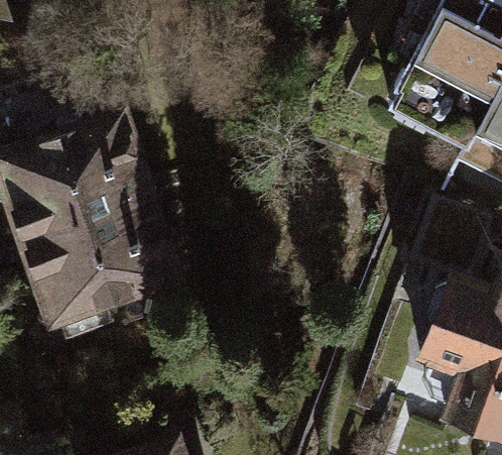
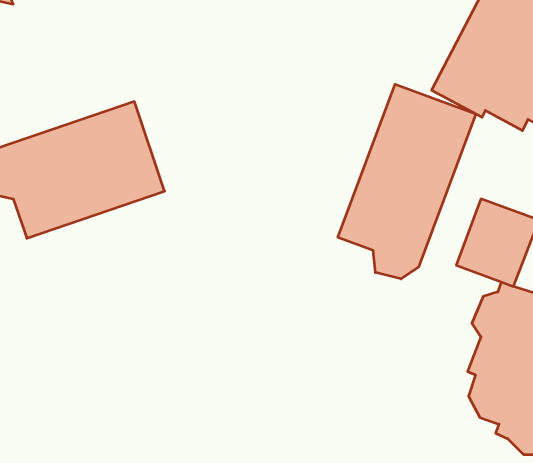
building: none -> [338,84,476,279]
building: [26,195,178,336] -> none

